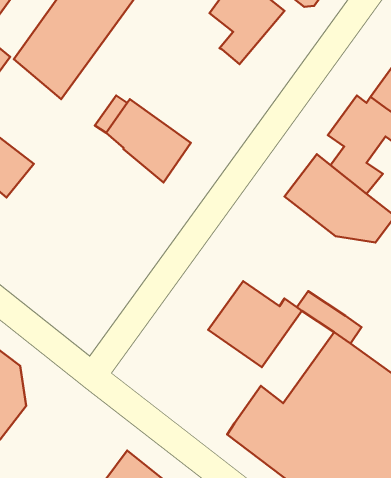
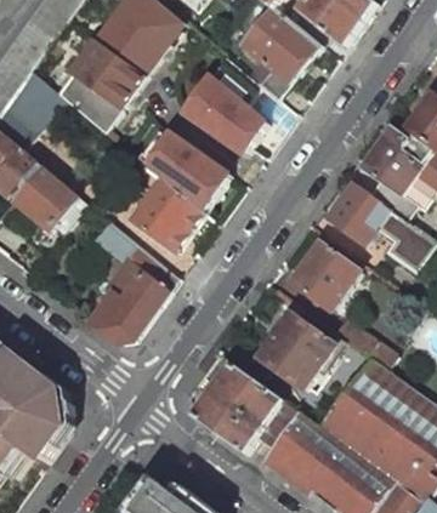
building: none -> [185,56,266,155]
building: none -> [136,181,203,252]
building: none -> [89,218,183,343]
building: none -> [289,239,362,313]
building: none -> [194,365,297,454]

